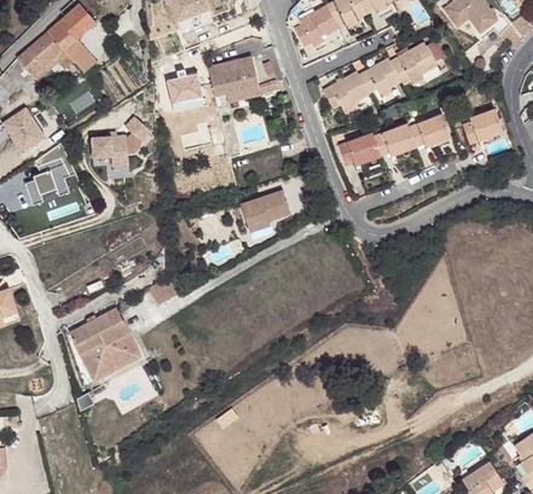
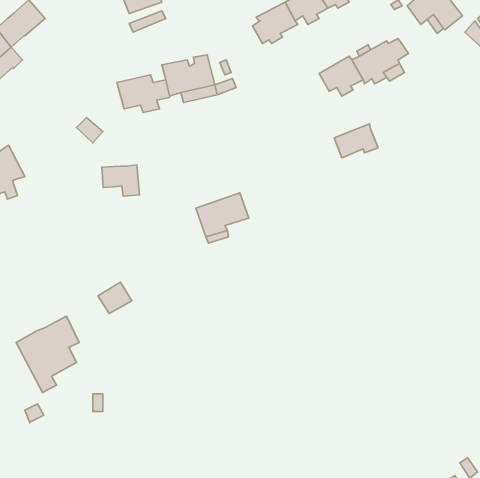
building: [63,39,97,72] -> none
building: [323,71,370,112] -> none
building: [463,109,503,144] -> none
building: [409,115,451,146] -> none
building: [338,133,381,164] -> none
building: [92,135,128,165] -> [102,165,139,196]
building: [102,333,140,374] -> none

